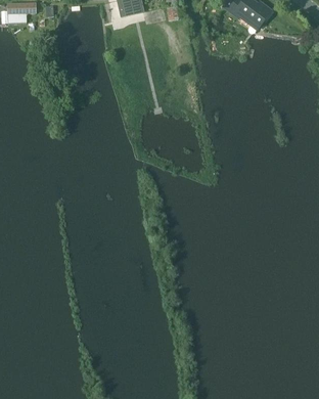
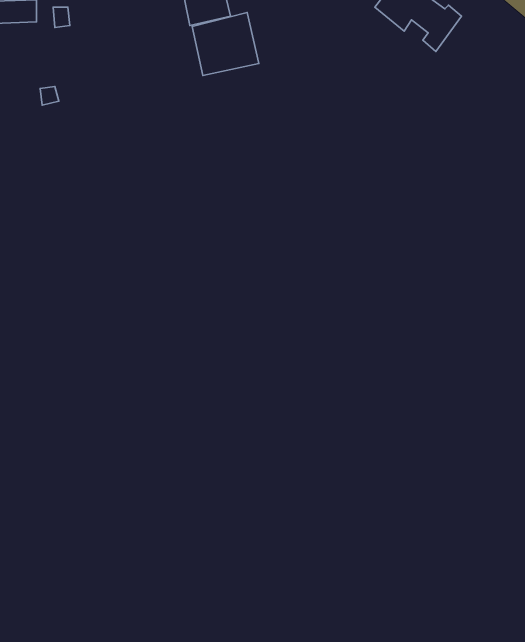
building: none -> [192,13,259,76]

